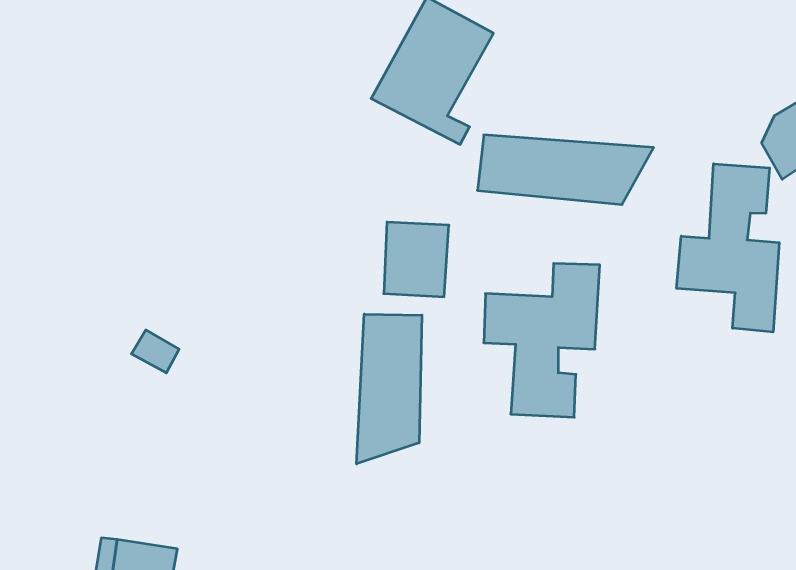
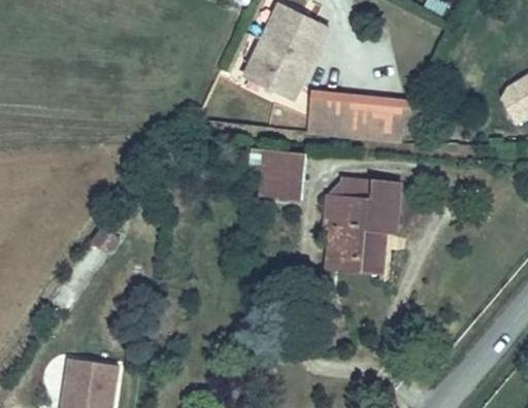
building: [677,164,779,332] -> none
building: [357,314,422,464] -> none

